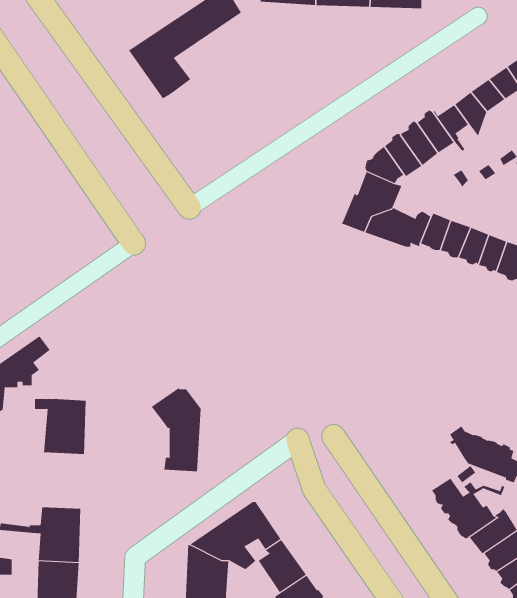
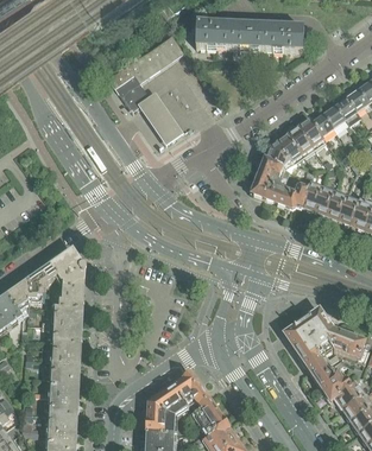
building: none -> [137,94,183,146]
building: [151,387,201,472] -> [50,252,83,307]
building: none -> [284,310,329,367]
building: none -> [45,342,80,379]

